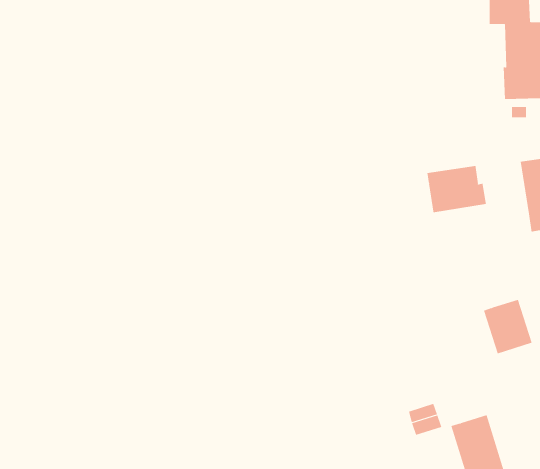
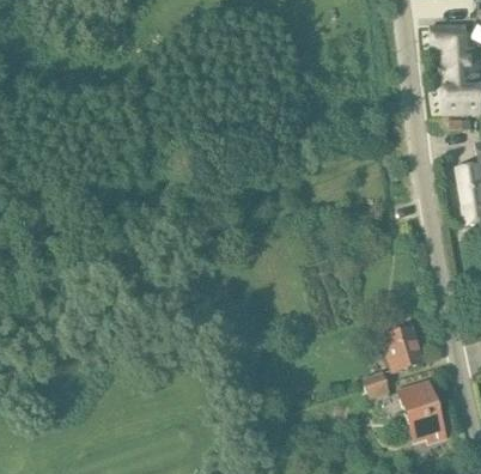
building: [427,165,487,213] -> none
building: [483,299,532,354] -> [382,324,424,371]

